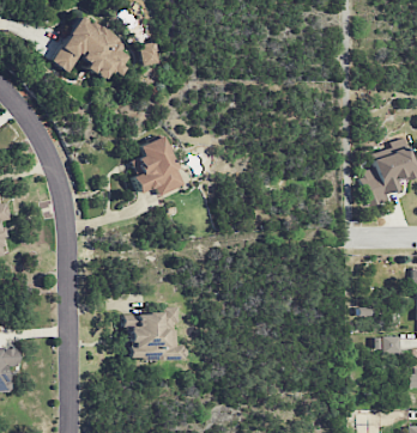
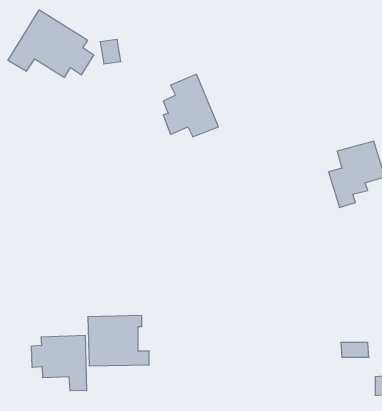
building: [132,135,186,196] -> [163,74,218,137]
building: none -> [32,335,86,391]

